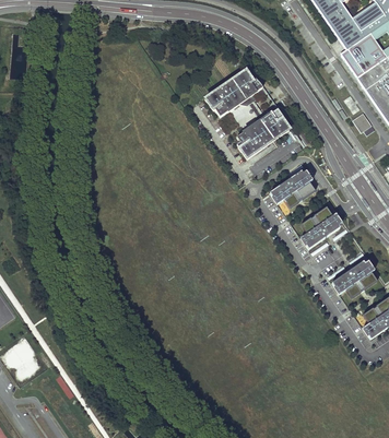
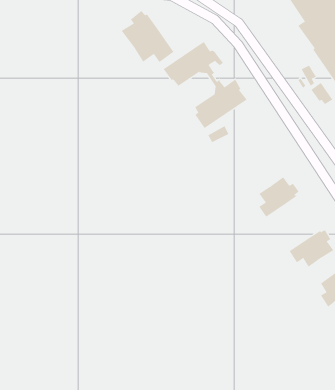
building: none -> [121,10,174,63]
building: [270,170,315,208] -> none

